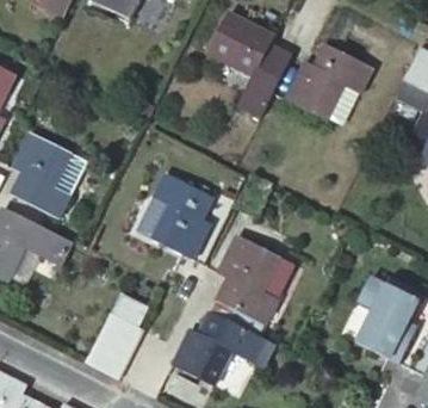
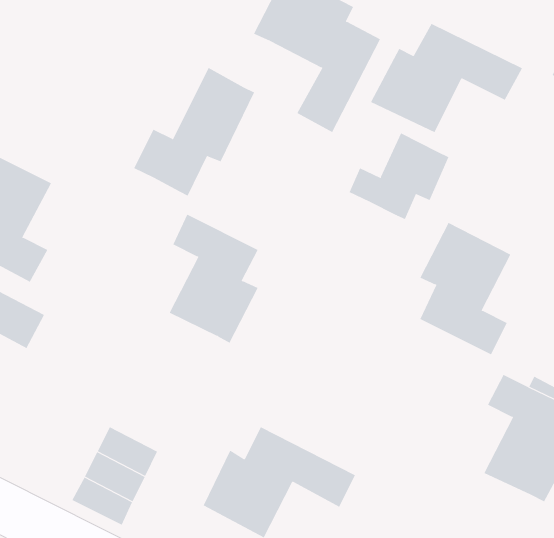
building: none -> [134,67,255,196]
building: none -> [349,132,449,220]
building: [217,234,278,322] -> [419,222,511,355]

